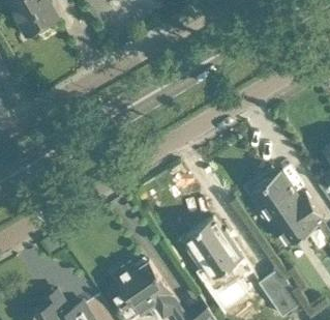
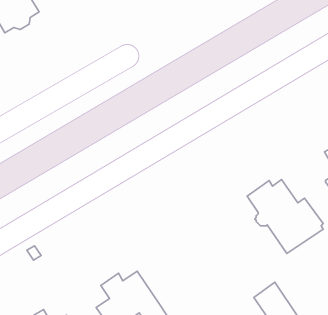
building: [186,216,254,292] -> none

